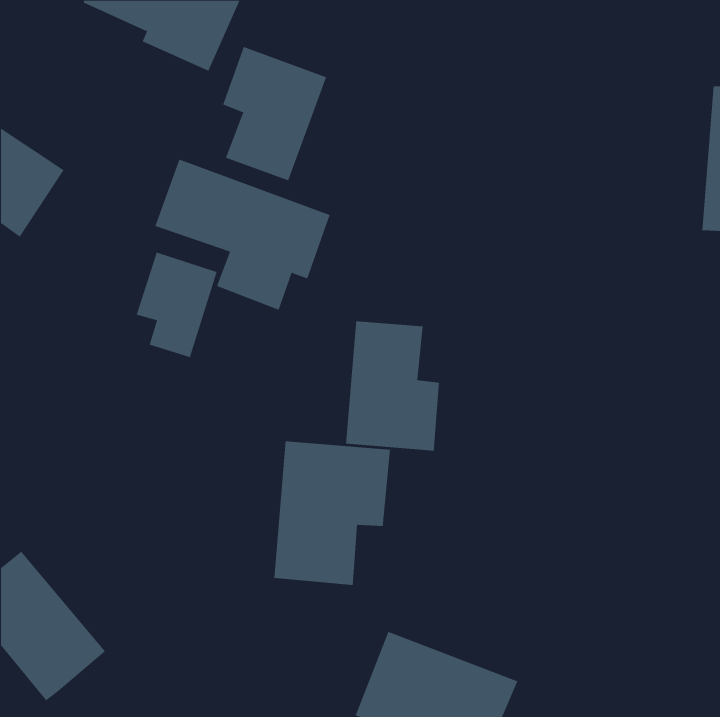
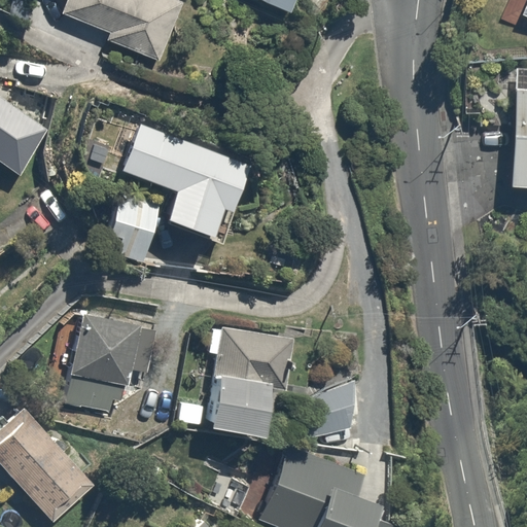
building: [222,46,327,181] -> none
building: [346,321,439,452] -> none
building: none -> [66,313,165,418]

